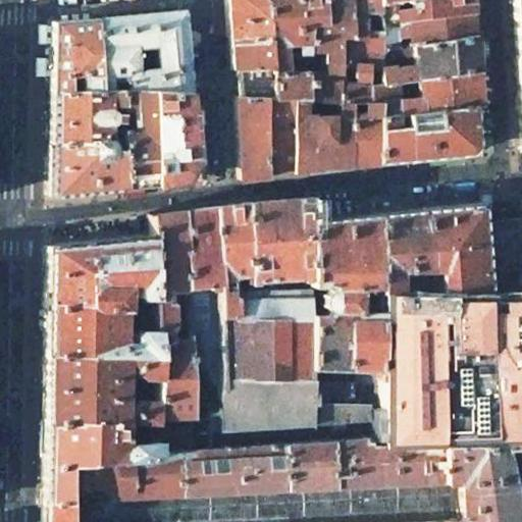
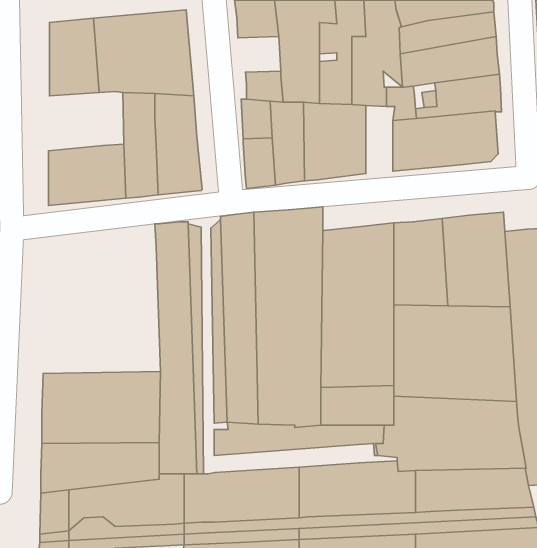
building: [238,37,278,70] -> none
building: [58,89,129,145] -> none
building: [359,102,386,166] -> none
building: [191,207,221,451] -> none
building: [53,236,164,356] -> none

